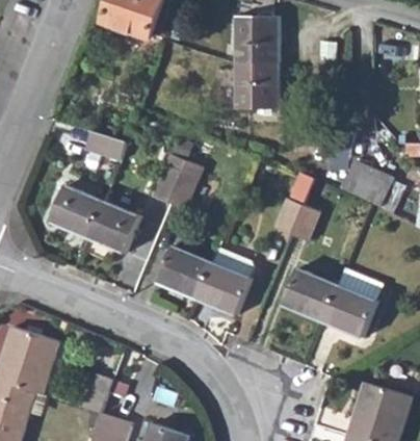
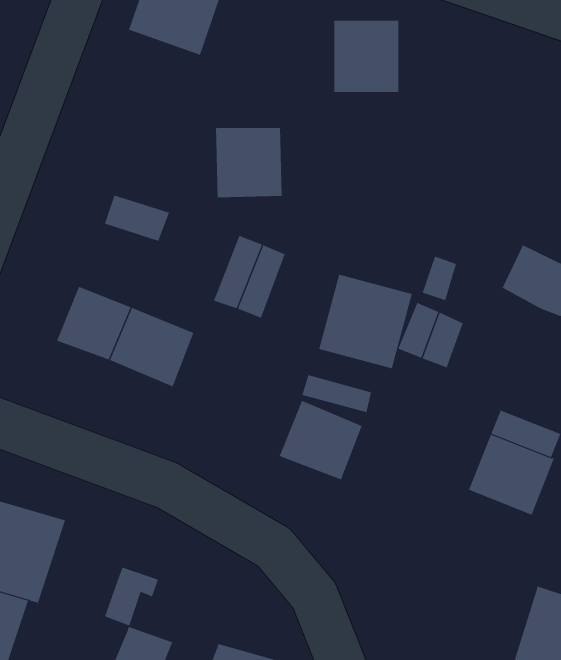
building: [233,63,277,109] -> [215,127,283,198]
building: none -> [318,274,412,369]
building: [157,248,212,300] -> none
building: [282,269,335,321] -> none

